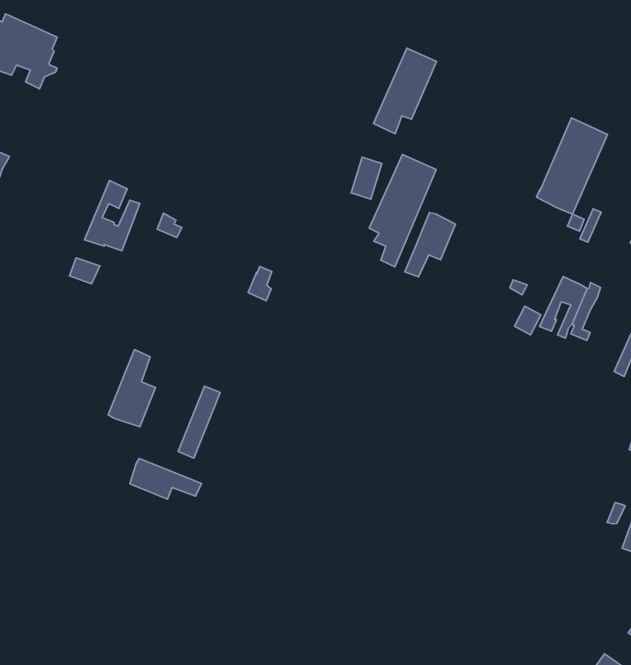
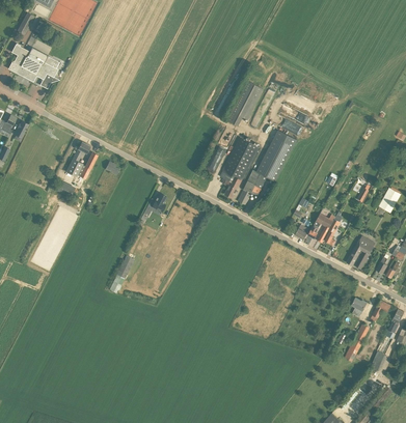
building: [537,118,607,214] -> [255,130,296,181]
building: [108,349,156,427] -> none
building: [130,458,202,499] -> none

